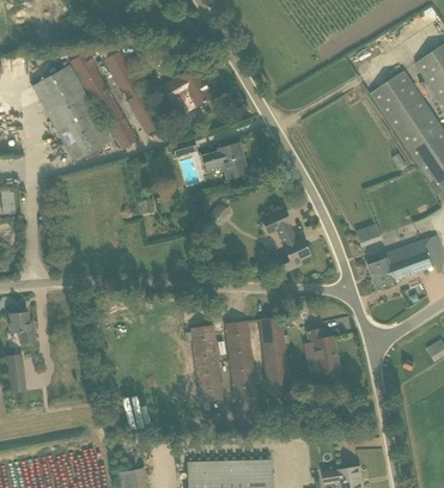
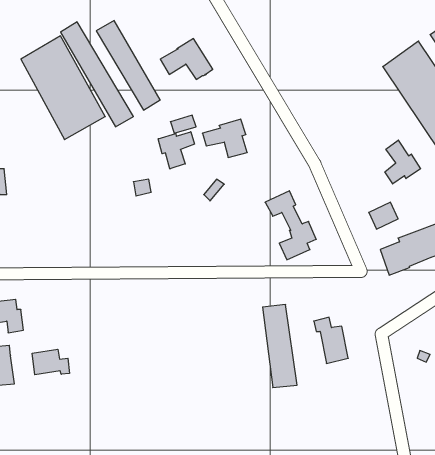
building: none -> [158,132,194,169]
building: none -> [385,140,421,184]
building: [225,322,256,399] -> none
building: [190,325,223,403] -> none
building: none -> [32,349,69,375]

